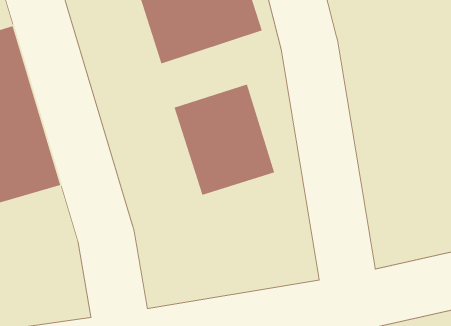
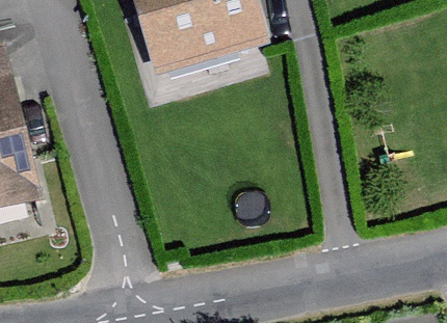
building: [174,84,275,196] -> none

